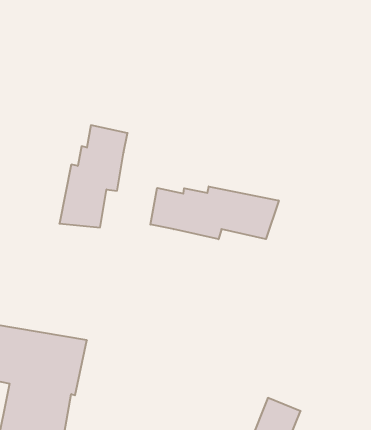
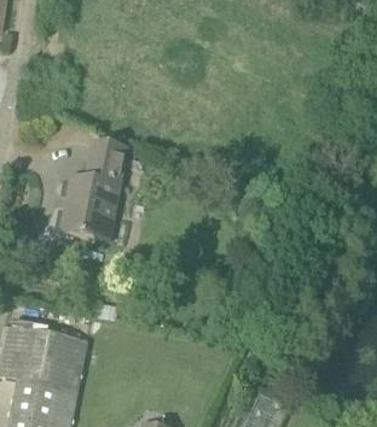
building: [150,186,279,239] -> none

